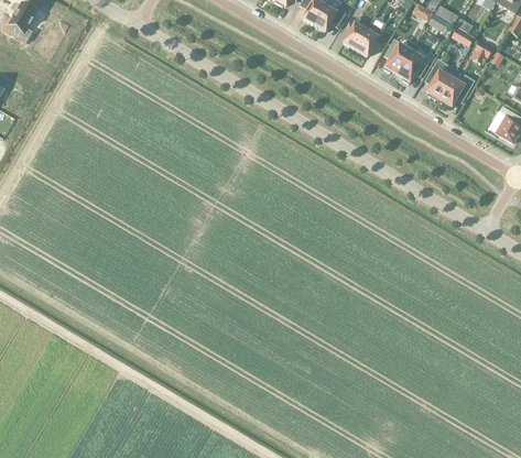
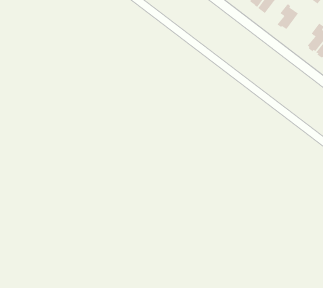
building: [398,51,431,83] -> none

